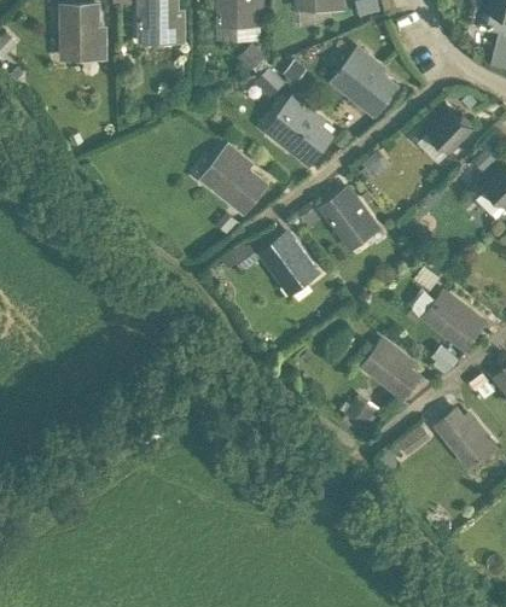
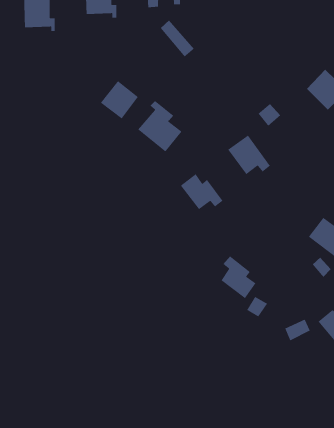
building: [336,49,394,113] -> none
building: [271,98,332,162] -> none
building: none -> [100,80,139,119]
building: [370,342,415,397] -> [221,256,257,299]

